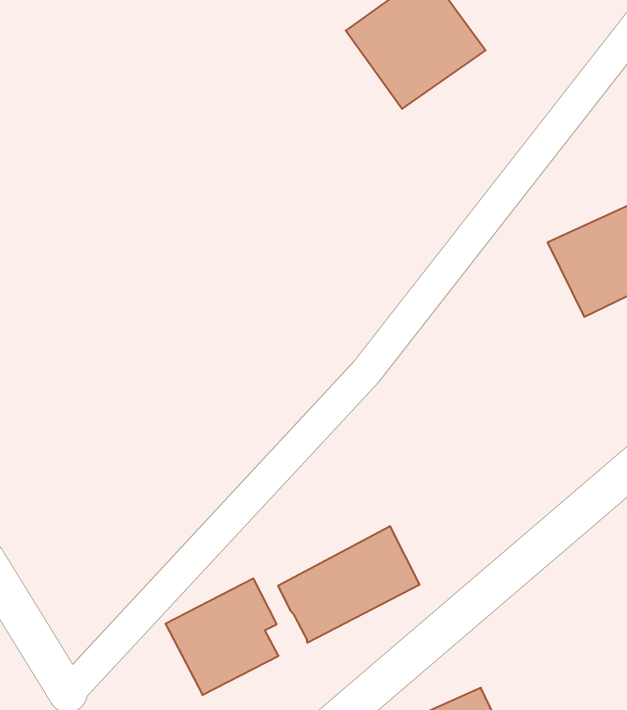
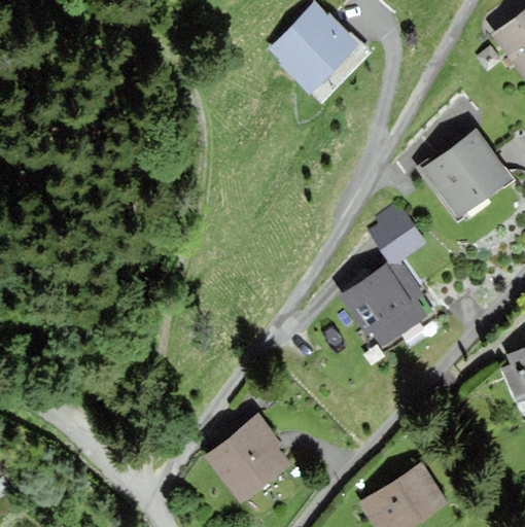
building: none -> [345,205,423,343]
building: [278,526,419,643] -> none

